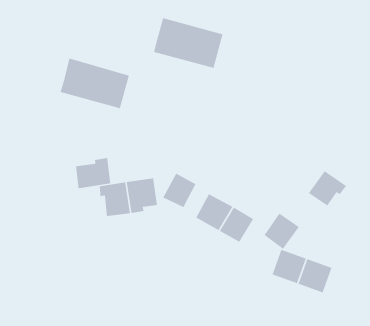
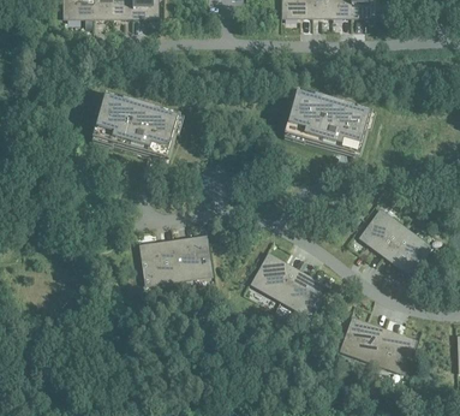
building: [153,17,223,69] -> [287,93,369,153]
building: [75,157,111,189] -> none
building: [162,173,197,208] -> none
building: [264,212,300,250] -> [360,210,402,254]

